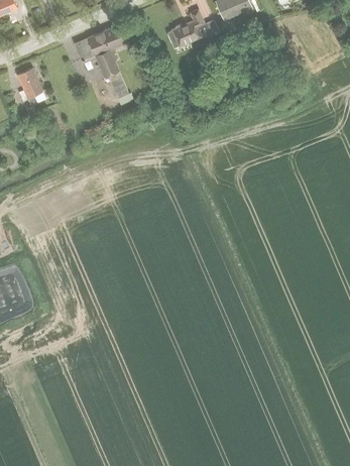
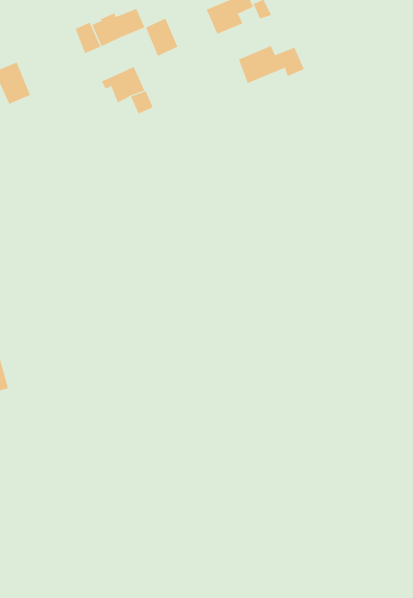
building: [93,47,117,76] -> [145,18,178,56]
building: none -> [238,45,305,84]

